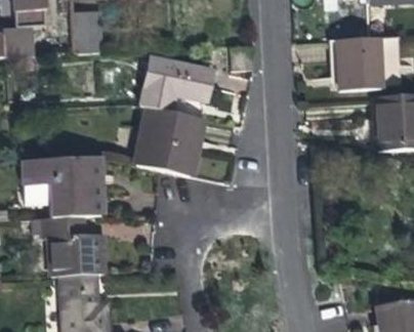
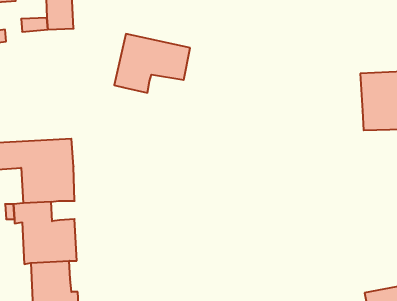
building: [333,35,399,90] -> none
building: [135,108,201,176] -> none

